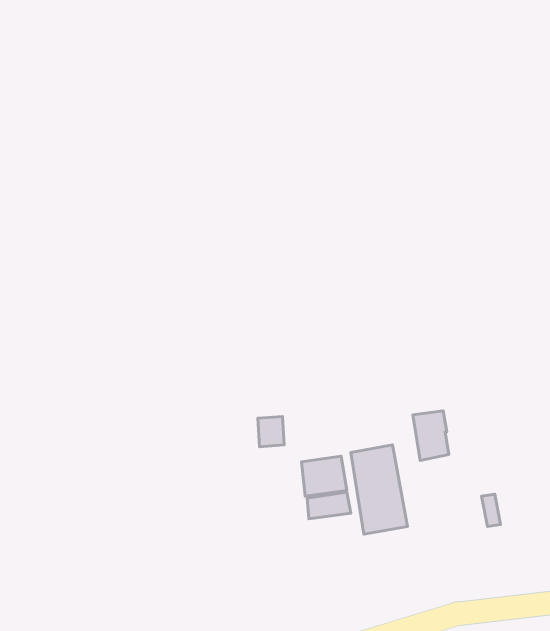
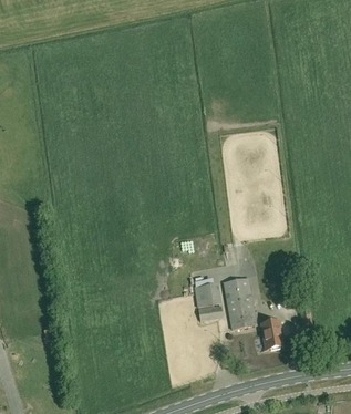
building: [413,411,449,460] -> [260,319,281,348]

